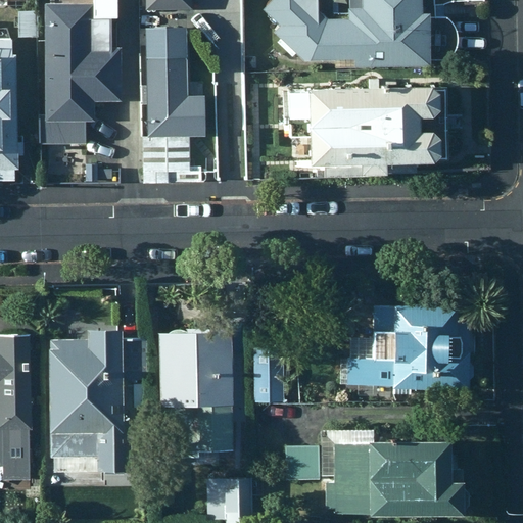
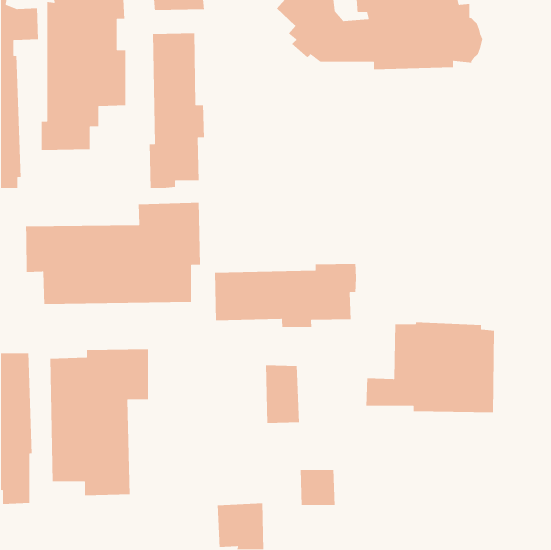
building: [287,78,439,176] -> none
building: none -> [25,202,201,305]
building: none -> [214,263,357,328]
building: [158,327,233,451] -> none
building: [320,428,465,517] -> none

